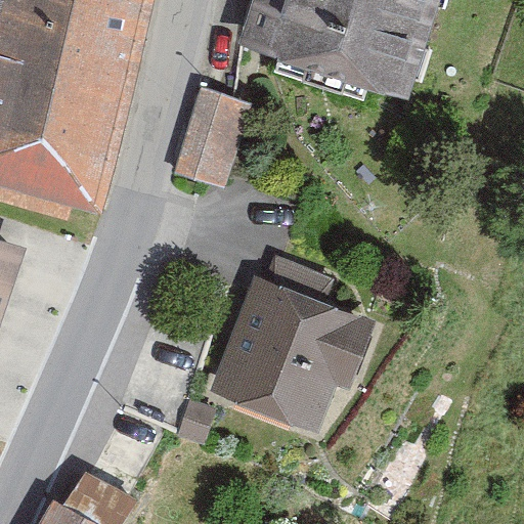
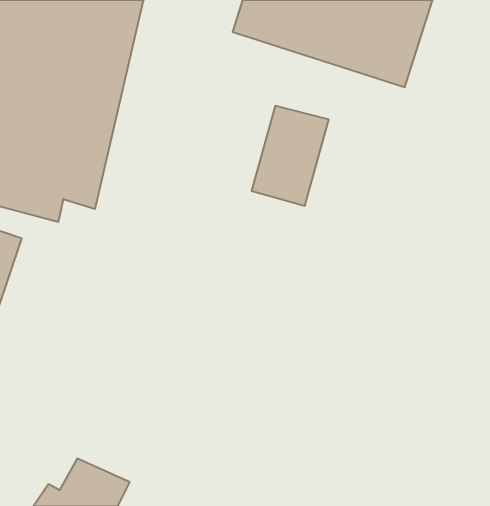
building: [167,89,247,192] -> [252,106,329,206]
building: [212,257,384,432] -> none

